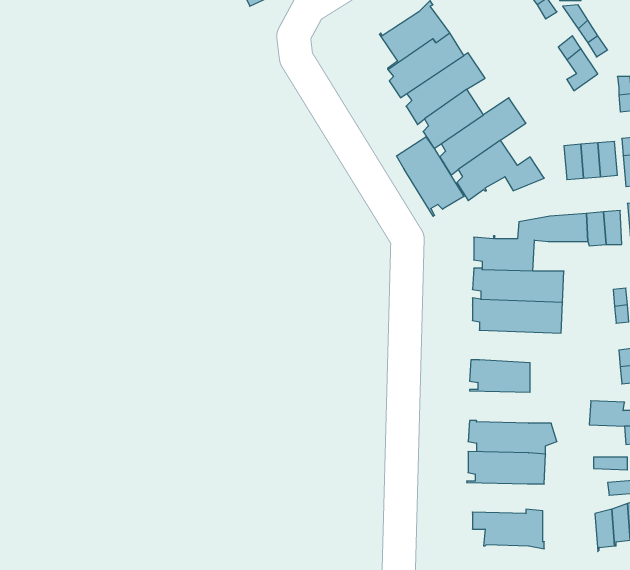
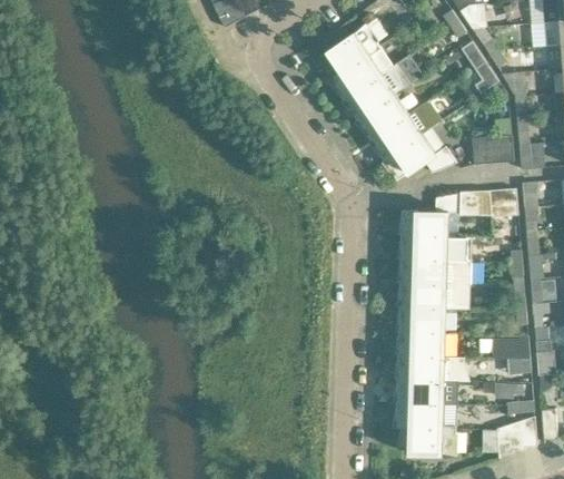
building: [397,137,464,216] -> none
building: none -> [398,282,469,309]
building: none -> [397,331,445,356]
building: none -> [395,403,443,428]

